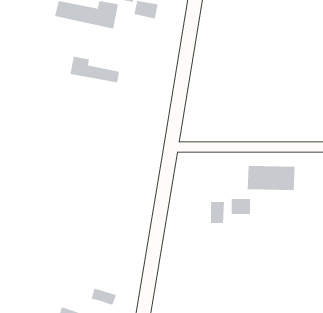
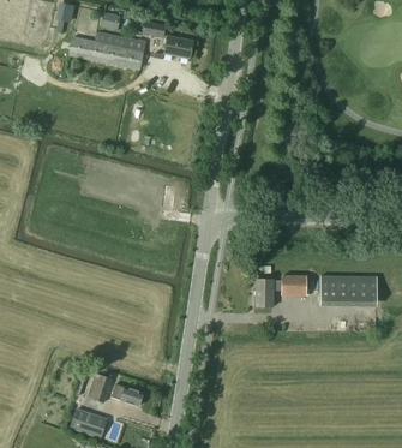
building: [70,56,119,83] -> none
building: [247,166,296,190] -> [318,276,377,306]
building: none -> [84,372,112,402]

